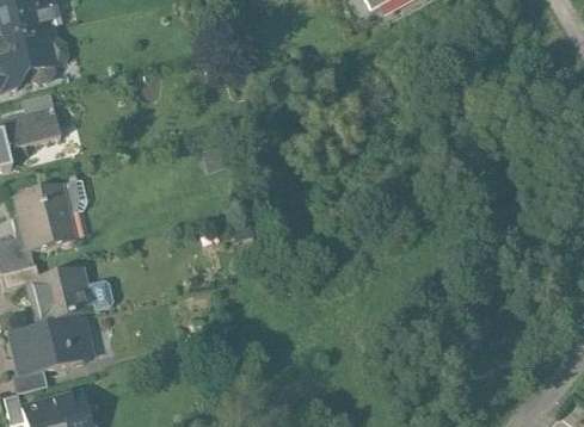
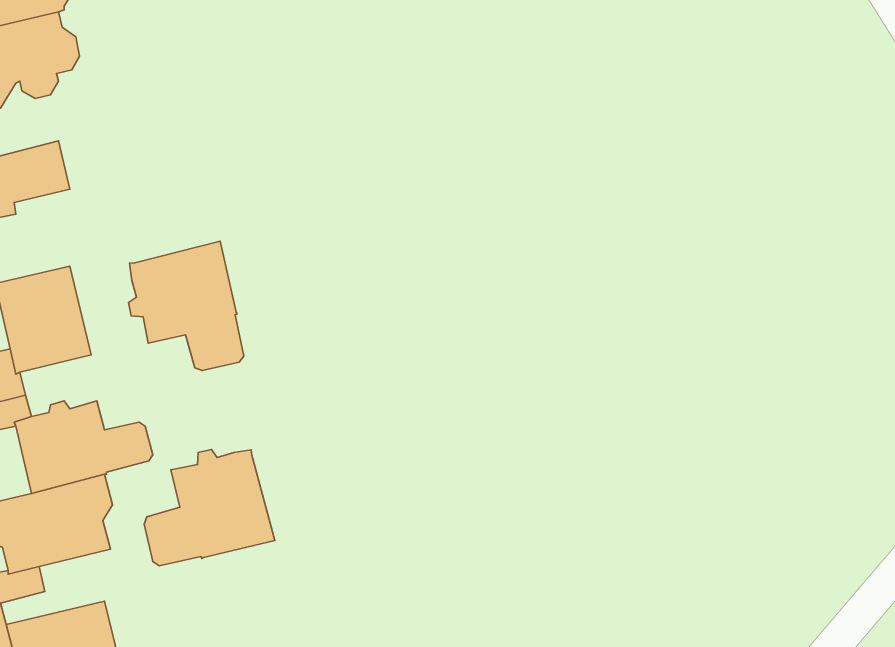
building: none -> [129,241,244,371]
building: none -> [144,450,275,566]

